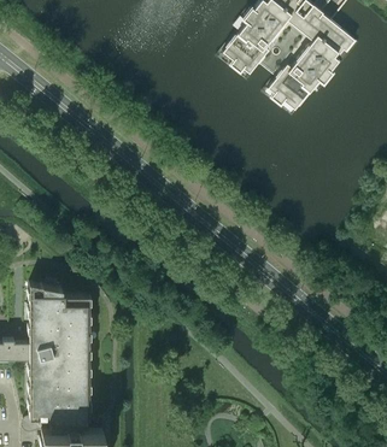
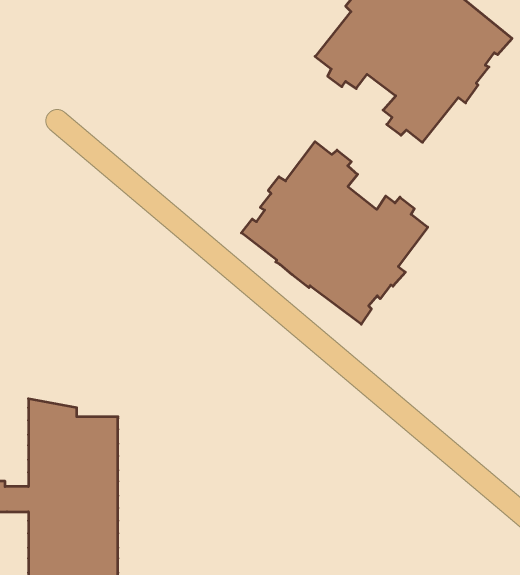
building: none -> [241,142,428,324]

